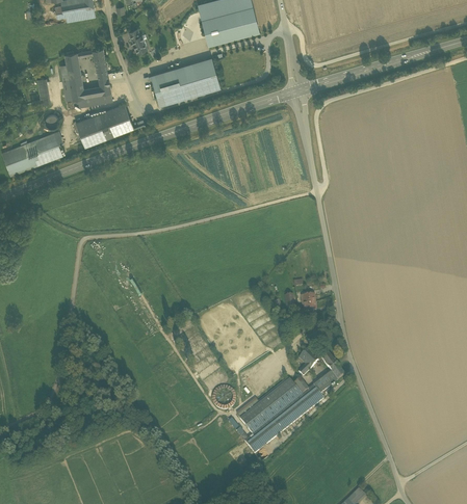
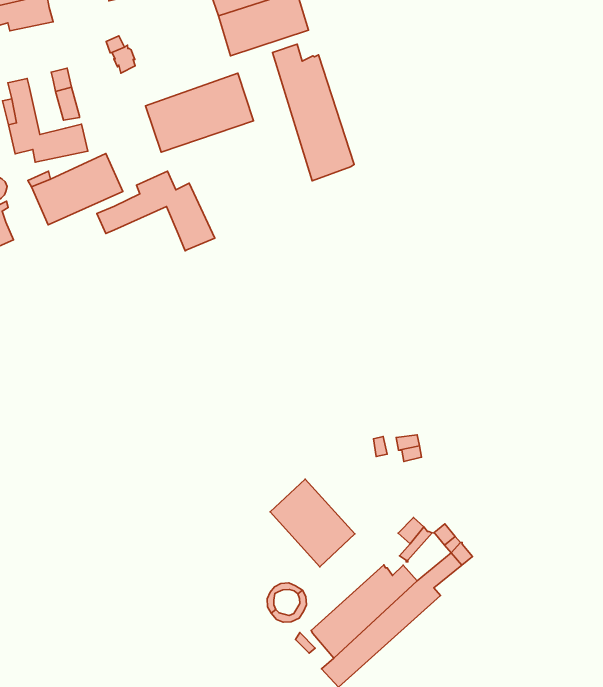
building: none -> [272,44,354,181]
building: none -> [97,171,215,251]
building: none -> [270,479,355,567]

